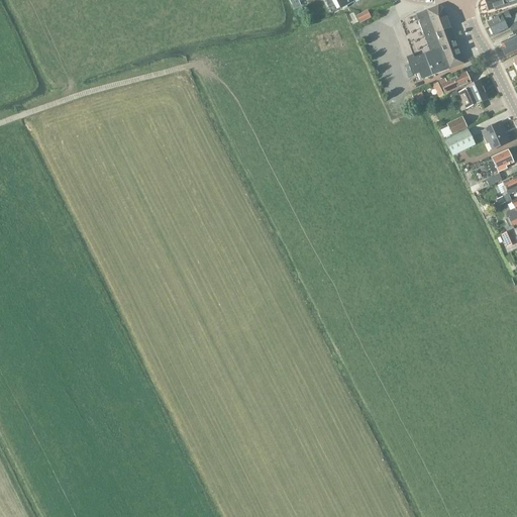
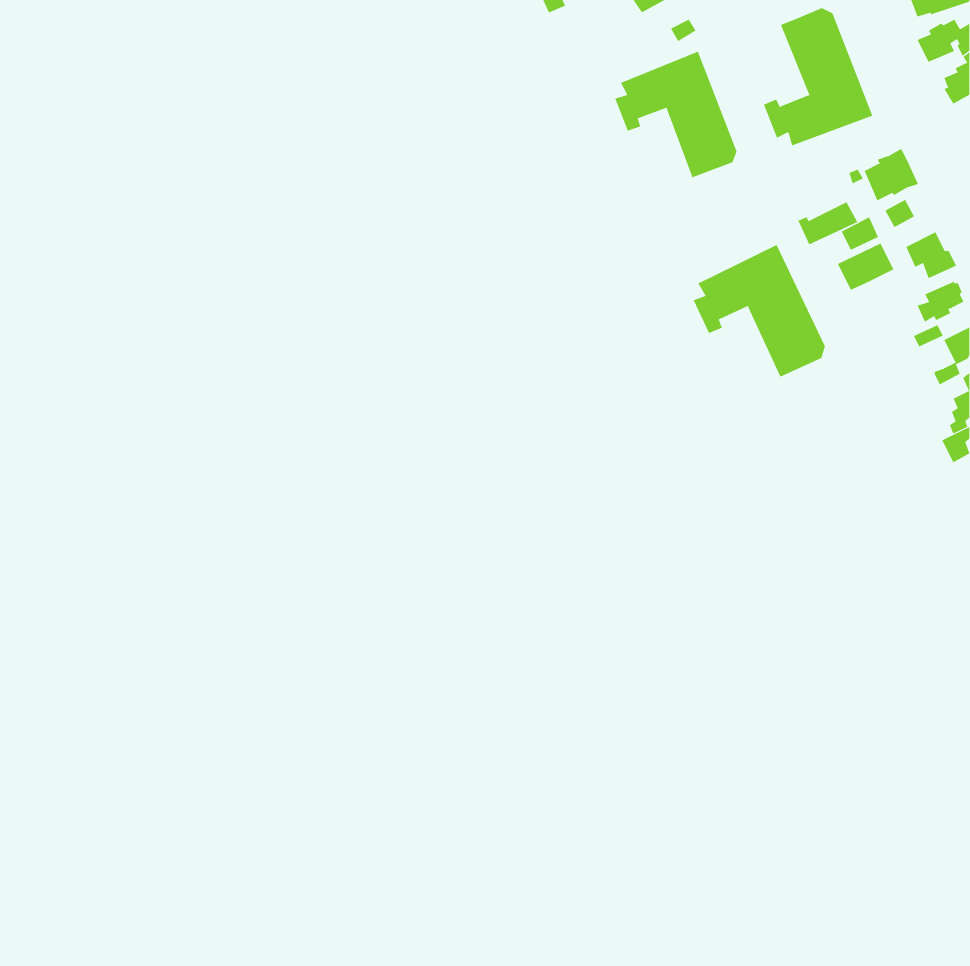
building: none -> [615,51,737,178]
building: [439,70,472,93] -> [798,201,858,245]
building: none -> [693,244,825,378]

